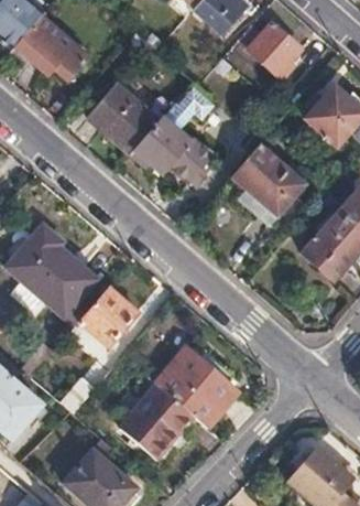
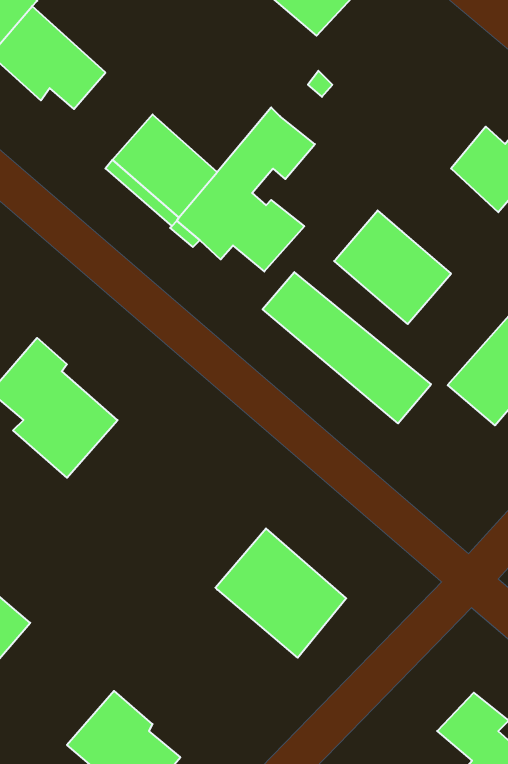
building: [237,20,303,79] -> none
building: none -> [263,272,431,423]
building: [78,286,138,346] -> none
building: [120,383,193,456] -> none

